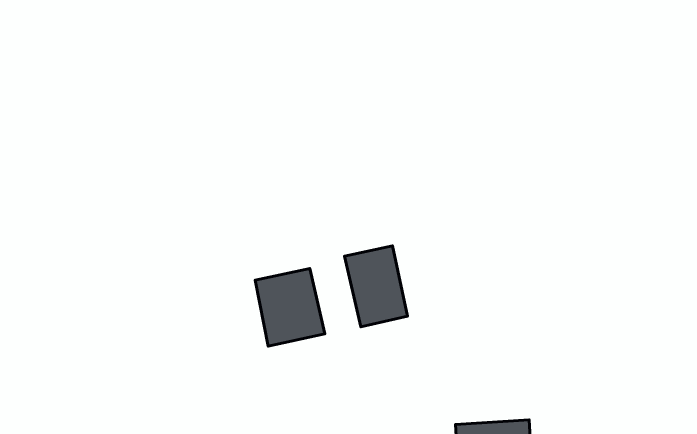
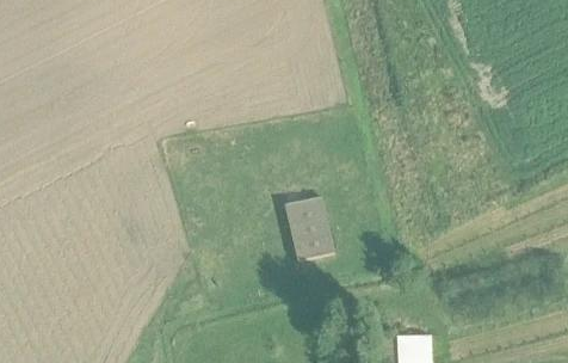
building: [255,269,325,346] -> none

